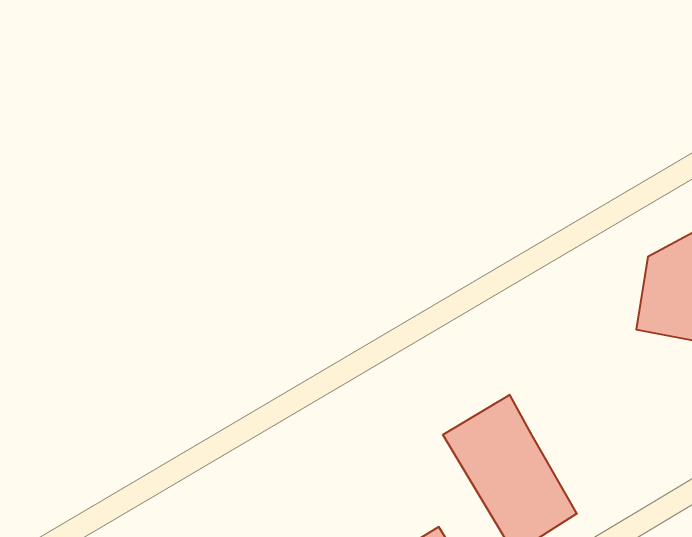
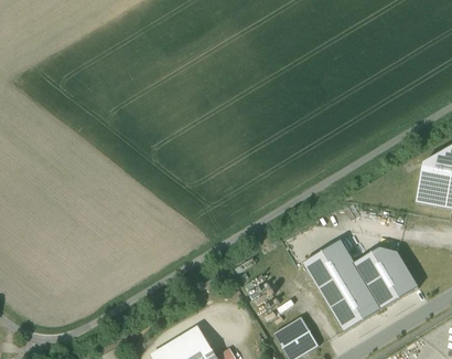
building: none -> [354,247,418,308]

